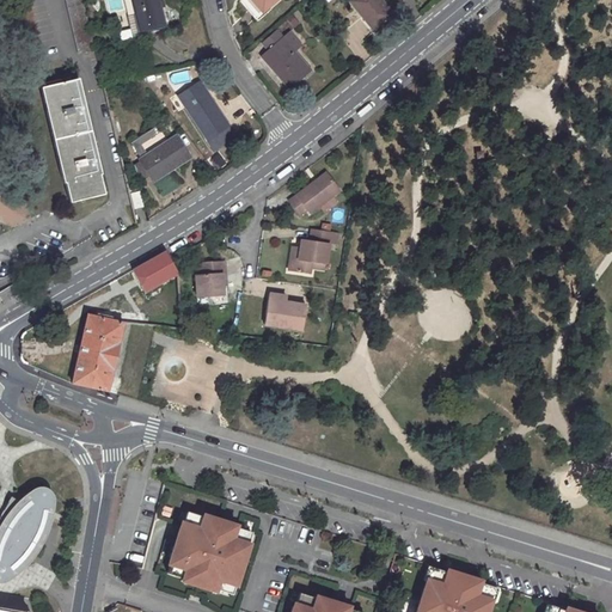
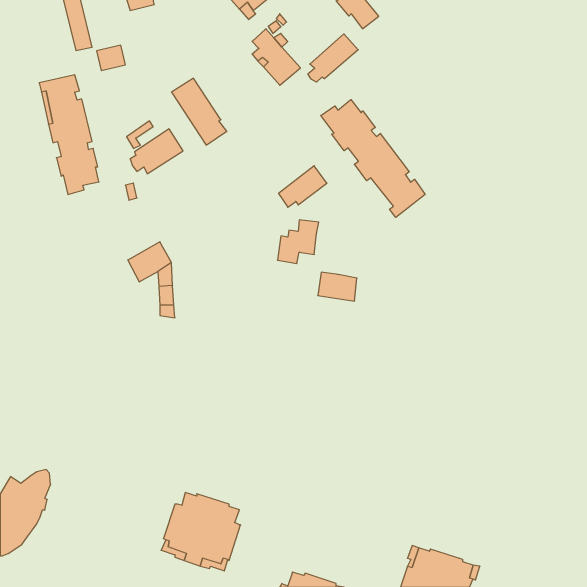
building: [136,5,166,31] -> [97,45,125,71]
building: none -> [308,34,358,82]
building: none -> [321,100,425,217]
building: [196,261,228,298] -> none
building: [265,300,306,330] -> [318,272,357,301]
building: [73,312,124,394] -> none

